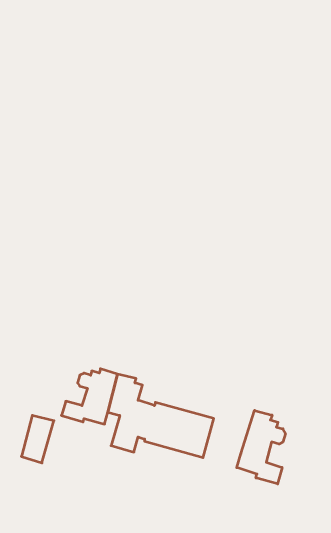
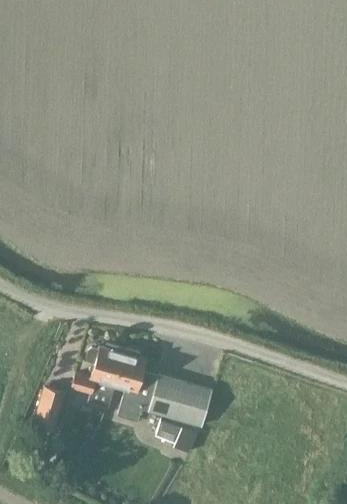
building: [237,410,285,484] -> none
building: none -> [155,420,197,453]

